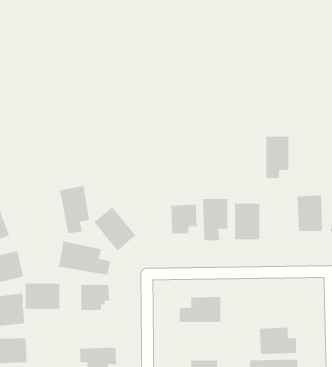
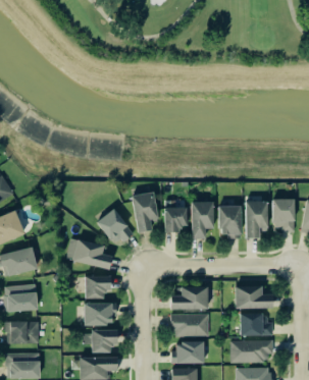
building: [266,136,289,179] -> [247,202,267,238]
building: [59,185,90,234] -> [132,192,158,233]
building: [25,283,60,309] -> [84,303,114,325]
building: none -> [236,287,272,309]
building: none -> [170,314,209,337]

